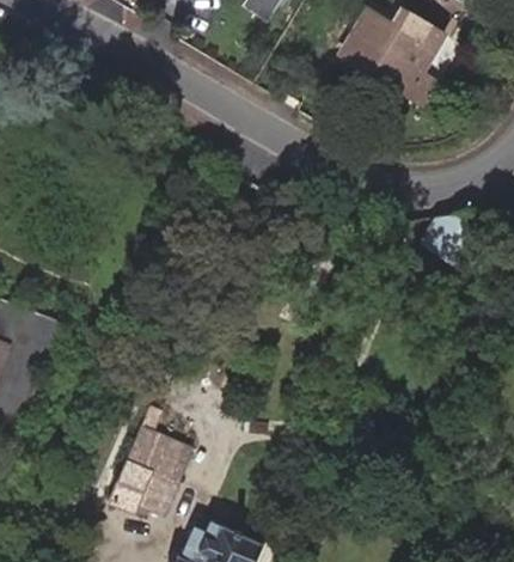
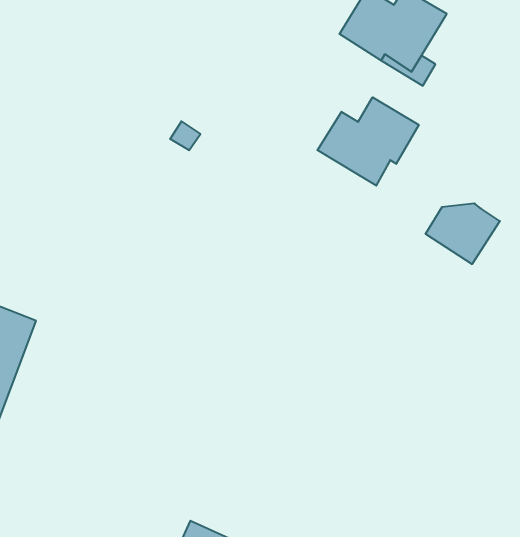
building: none -> [317,97,419,186]
building: [108,405,194,517] -> none

